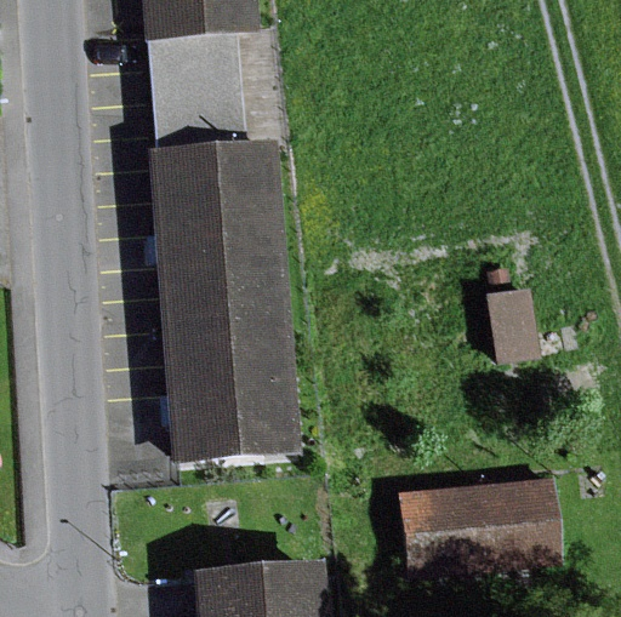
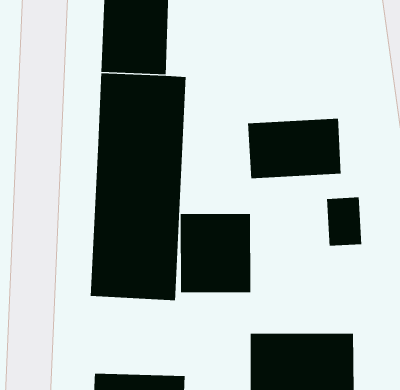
building: none -> [247,118,342,179]
building: none -> [180,213,251,293]

